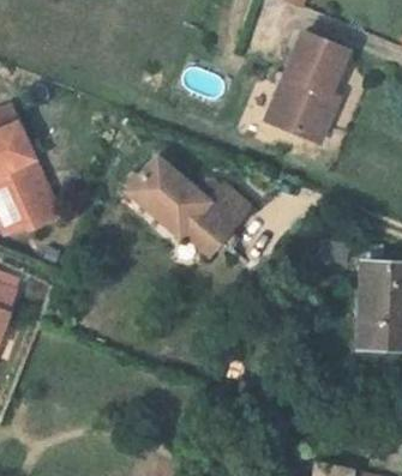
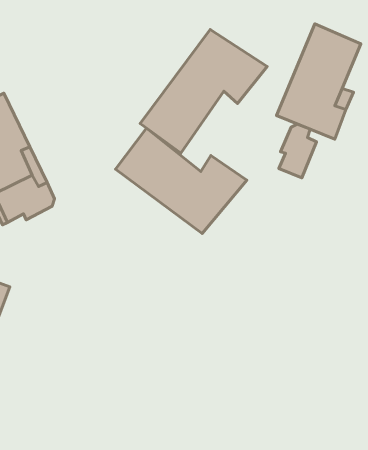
building: none -> [140,30,267,153]
building: none -> [279,124,317,178]

